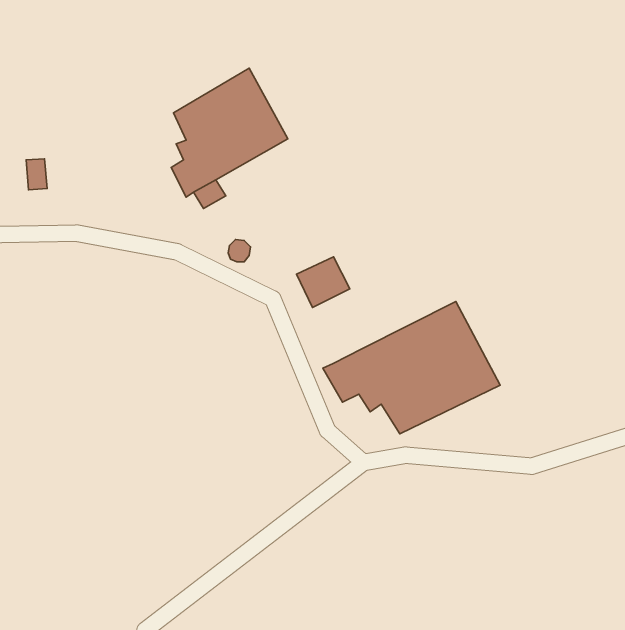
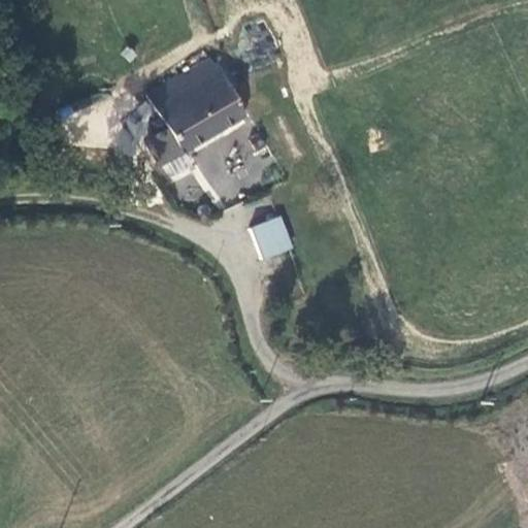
building: [323,302,500,434] -> none

